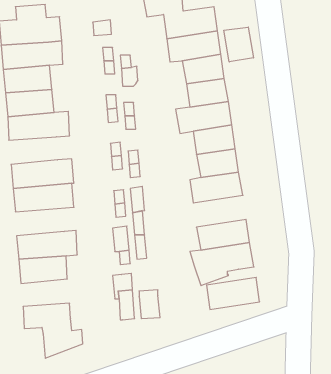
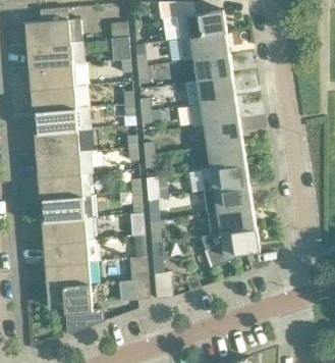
building: [224,27,253,62] -> none
building: none -> [33,129,77,155]
building: none -> [39,195,95,221]
building: [207,277,260,309] -> [203,184,252,213]
building: none -> [44,261,89,287]

